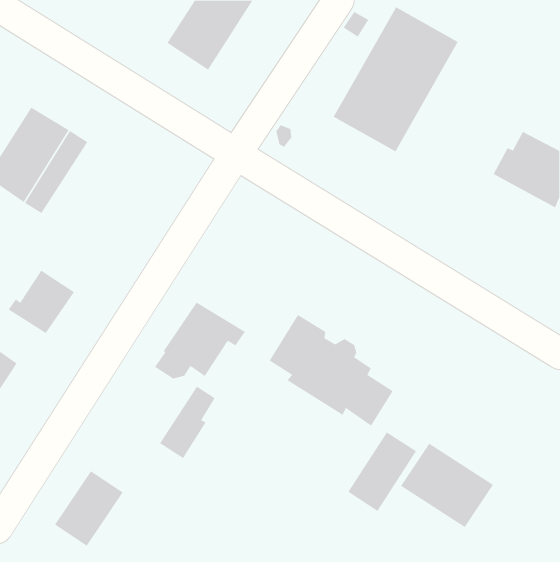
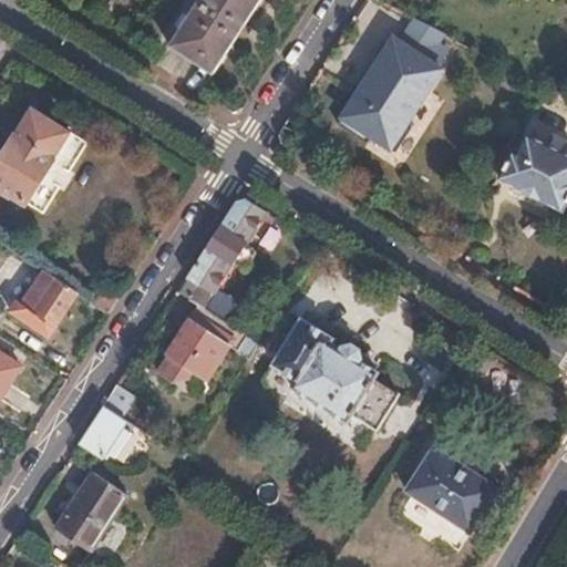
building: none -> [179,197,266,296]
building: [159,386,215,459] -> [78,383,134,456]
building: [348,431,417,512] -> none

